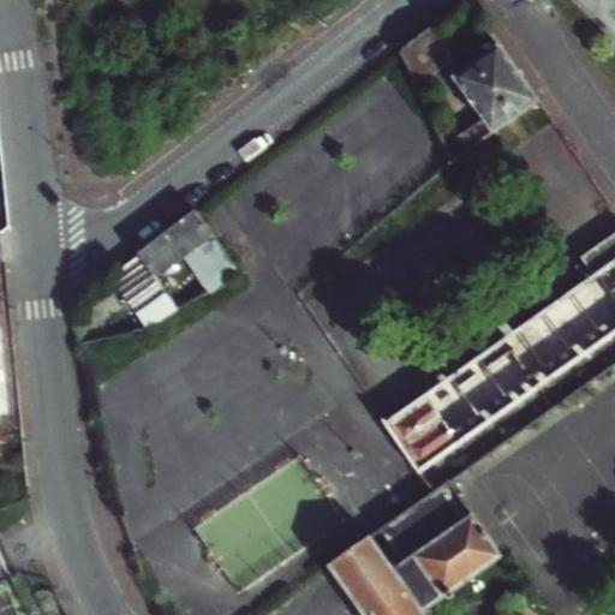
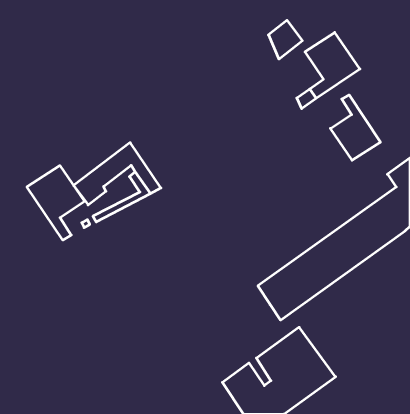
building: none -> [330,95,380,160]
building: none -> [27,166,85,240]

